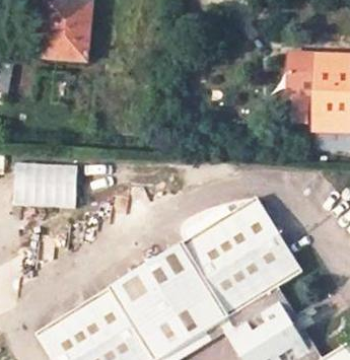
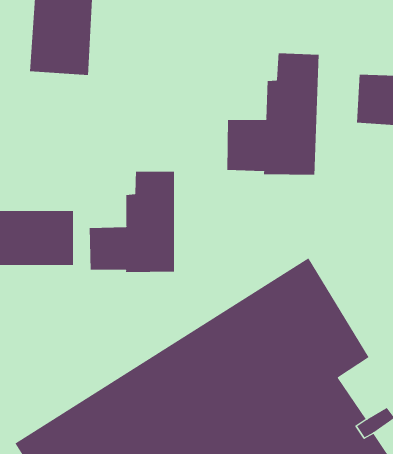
building: none -> [227,53,319,176]
building: none -> [89,171,175,273]

